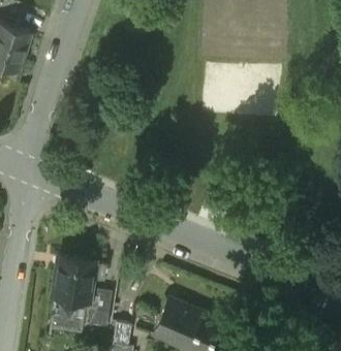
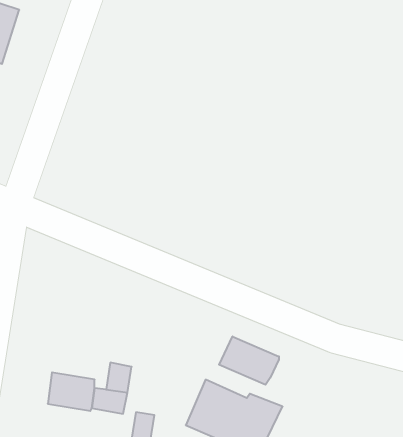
building: [53,256,94,302] -> none
building: none -> [219,336,279,385]

